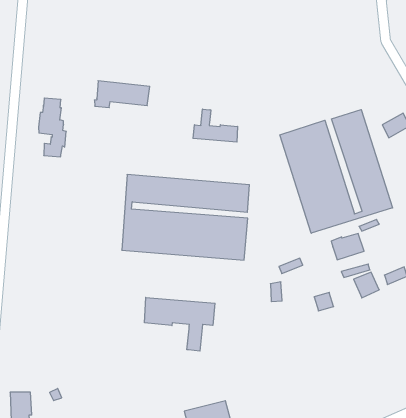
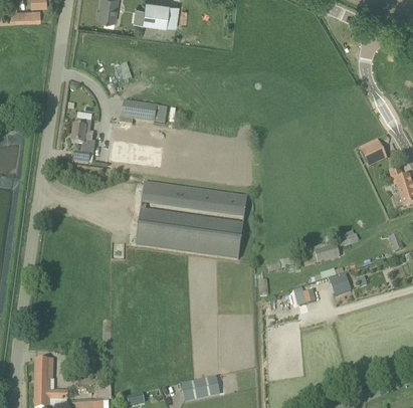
building: [193,109,238,142] -> none
building: [280,110,393,233] -> none
building: [145,297,215,351] -> none

